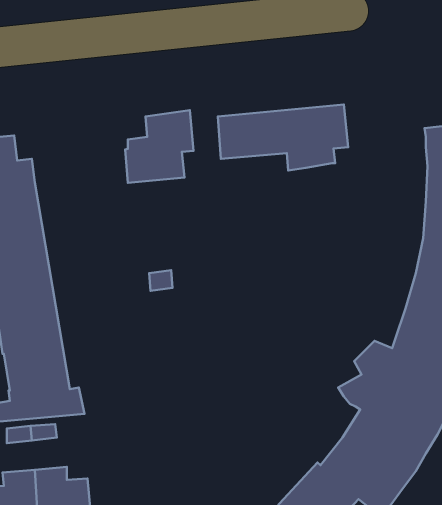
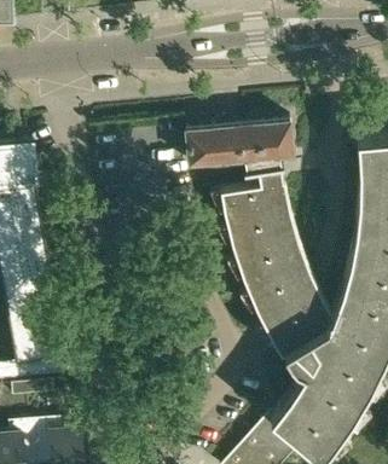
building: [125,110,194,183] -> none
building: none -> [220,166,332,352]

